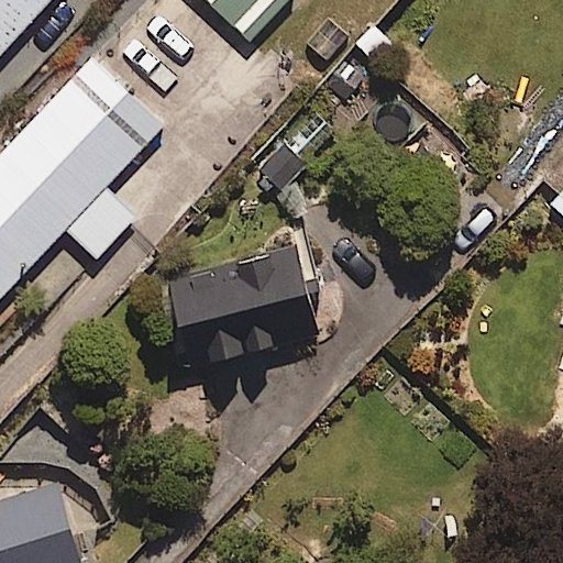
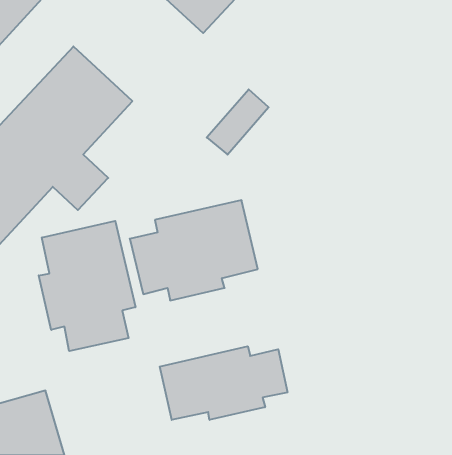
building: none -> [39,221,135,351]
building: none -> [160,346,287,420]

